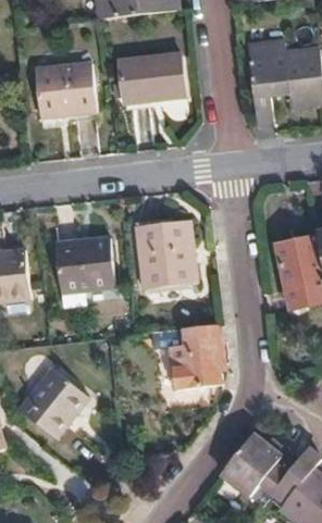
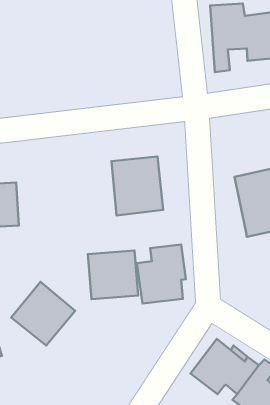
building: [120,51,187,99] -> none
building: [35,60,99,116] -> none
building: [54,234,113,290] -> [88,250,138,299]

